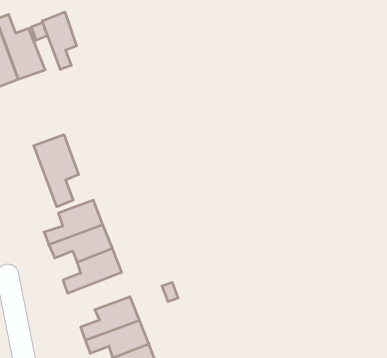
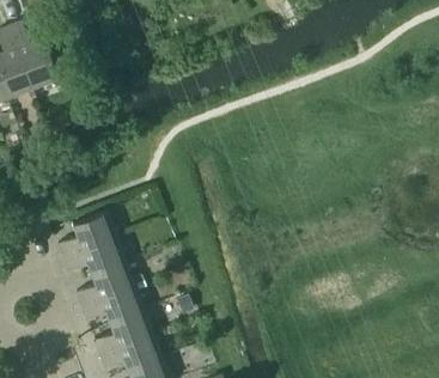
building: [42,12,76,70] -> none
building: [34,135,79,207] -> none
building: none -> [81,285,145,323]

